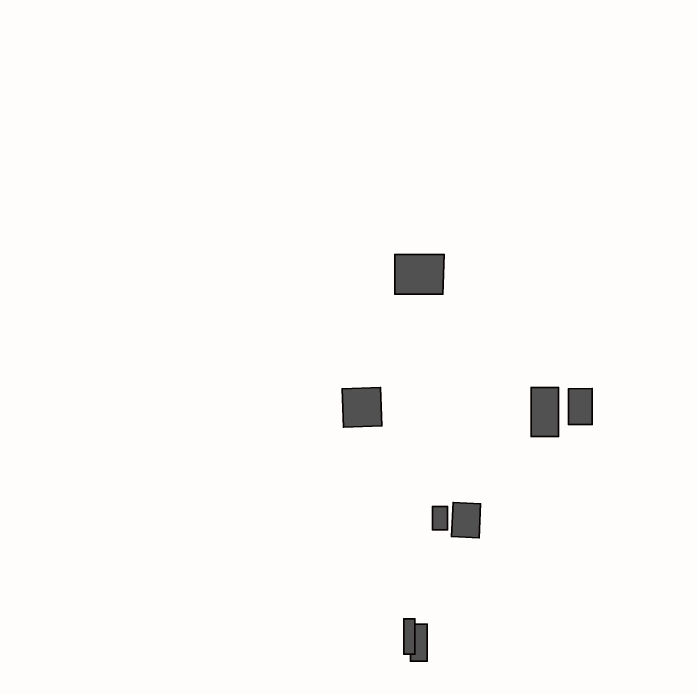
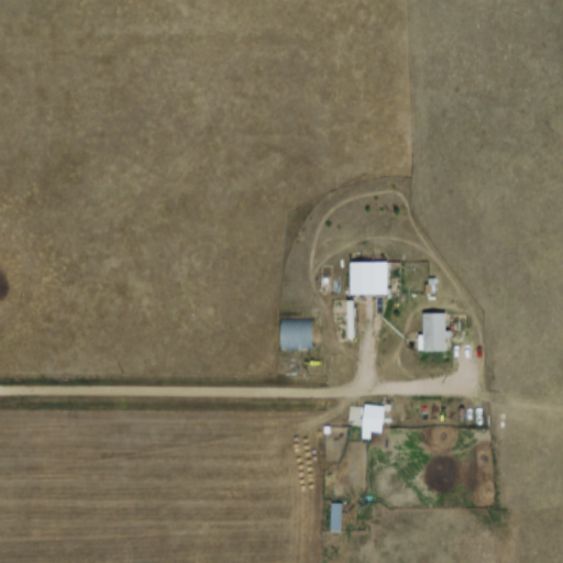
building: [395,254,444,294] -> [343,260,383,291]
building: [568,388,592,425] -> none

